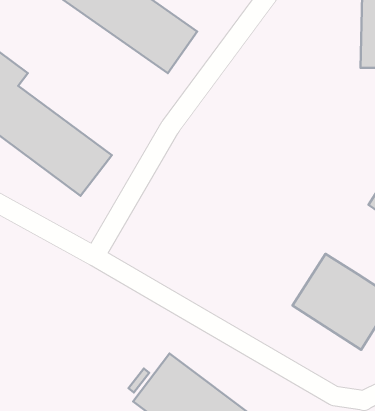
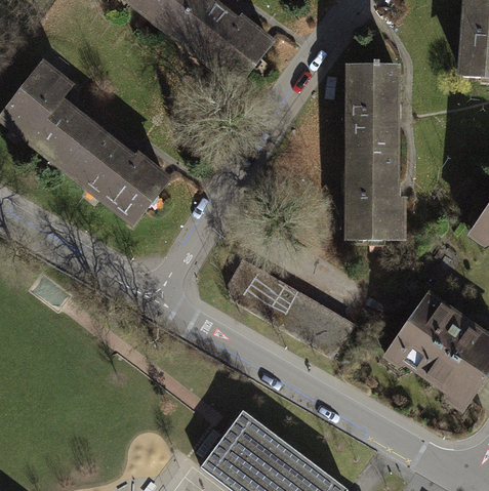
building: none -> [344,66,404,243]
building: none -> [225,257,358,354]

